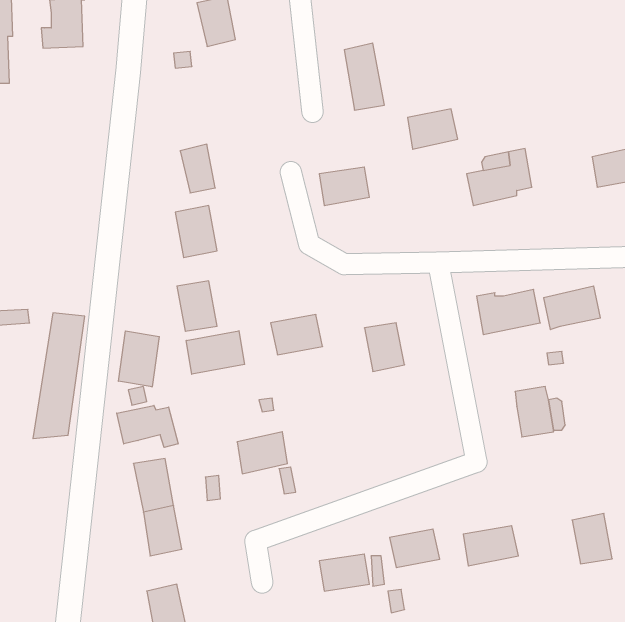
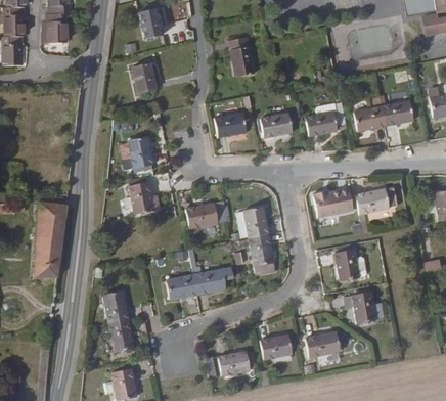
building: [408,109,458,149] -> [259,115,289,139]
building: [180,144,215,193] -> [134,64,155,94]
building: none -> [352,107,384,132]
building: [186,331,245,374] -> none
building: [118,331,159,387] -> none
building: none -> [247,234,272,275]
building: [117,405,178,447] -> none
building: none -> [191,268,228,295]
building: [572,513,612,564] -> [350,291,374,321]

